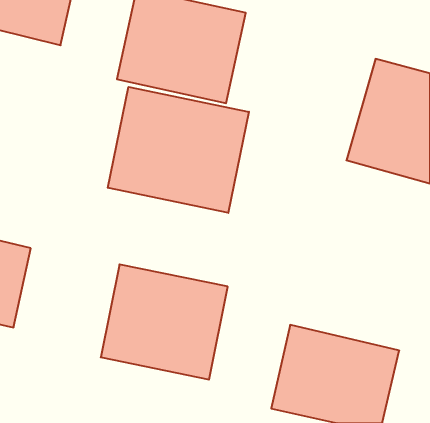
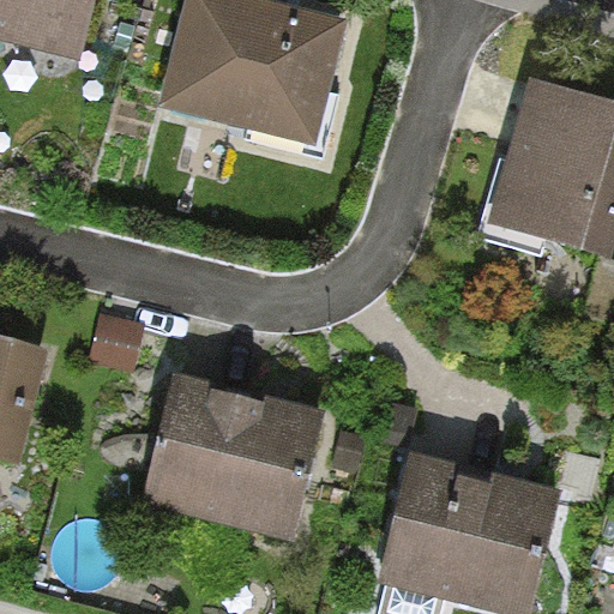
building: [108,87,249,213] -> none

